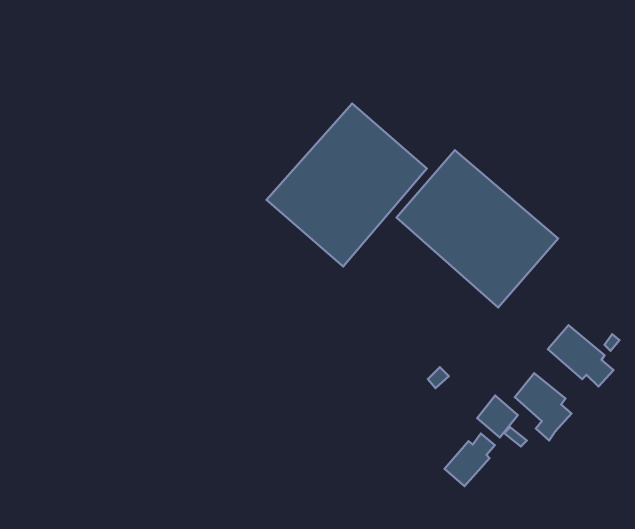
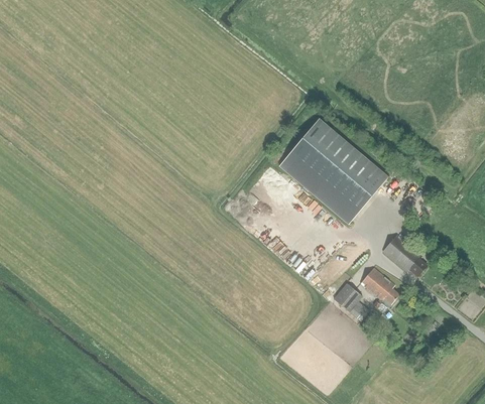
building: [267,103,427,266] -> none
building: [445,434,495,486] -> none

